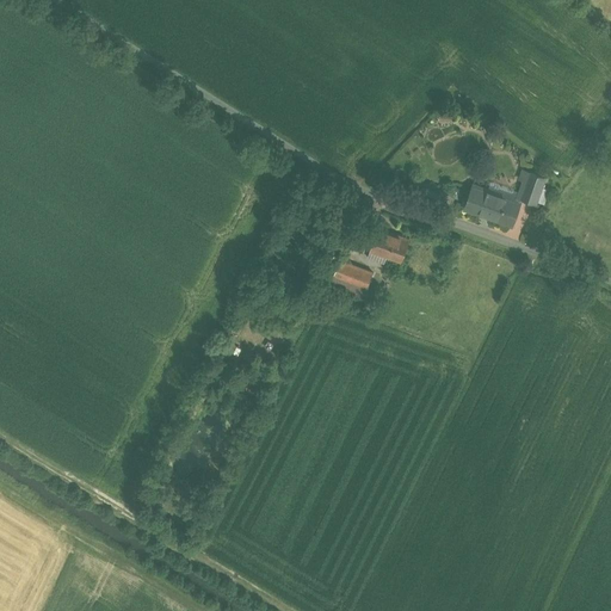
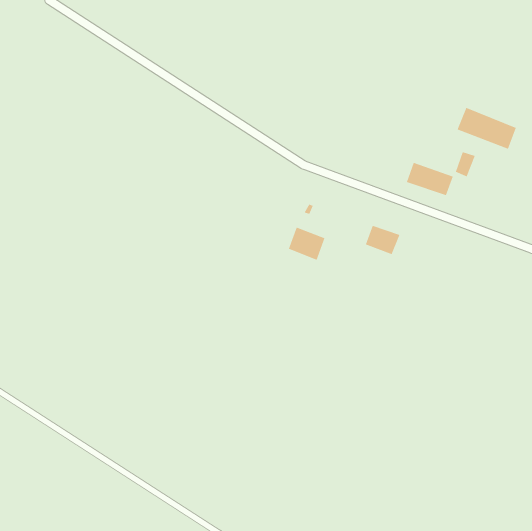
building: none -> [457,107,517,150]
building: [369,230,409,265] -> [365,225,400,255]

